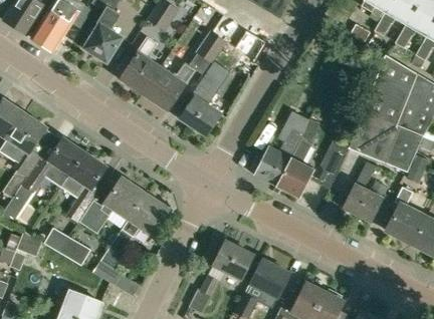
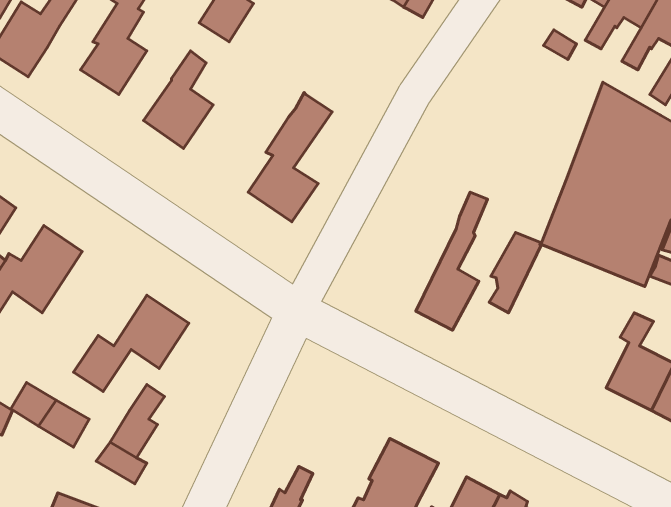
building: [195,31,226,69] -> none
building: [143,62,195,109] -> none
building: [254,110,307,186] -> none
building: [61,151,105,222] -> none
building: [342,161,383,222] -> none
building: [129,193,170,235] -> none
building: [213,241,253,278] -> none

